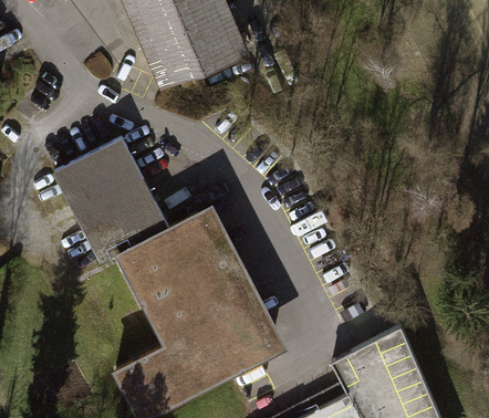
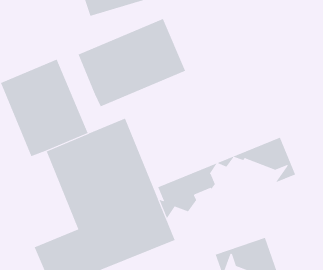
building: none -> [78,18,186,107]
building: none -> [158,137,296,219]

